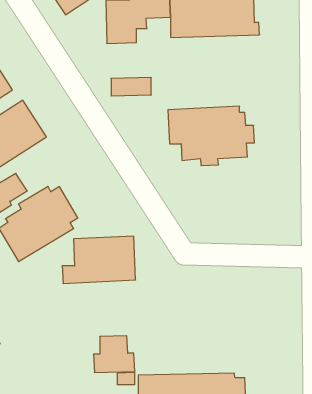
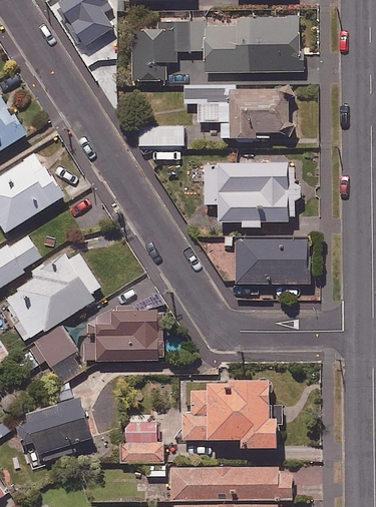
building: none -> [183,84,291,139]
building: none -> [237,236,309,284]
building: none -> [18,327,82,385]
building: none -> [182,374,278,446]
building: none -> [18,397,94,463]

